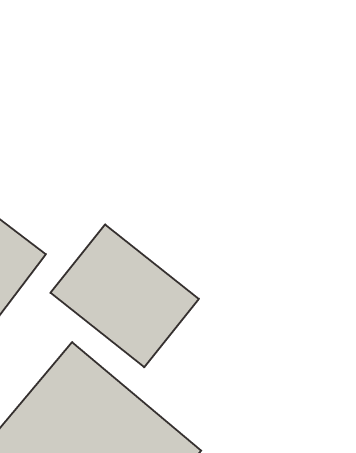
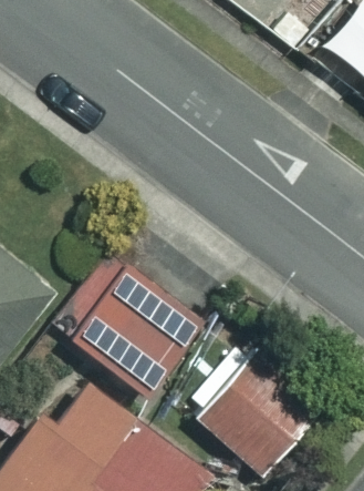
building: none -> [201,360,318,477]

